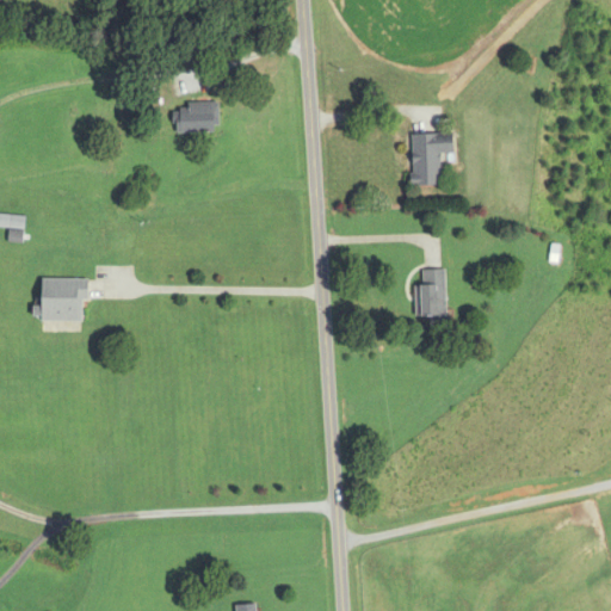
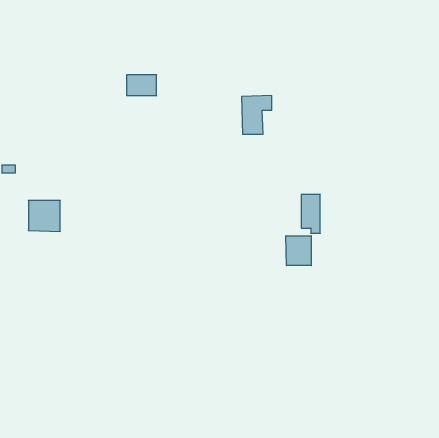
building: [411,132,452,186] -> [242,96,272,134]
building: none -> [286,236,311,266]

